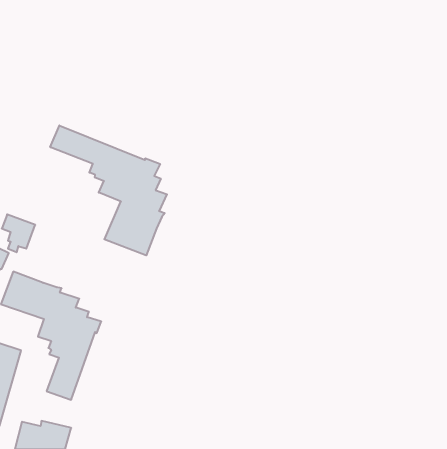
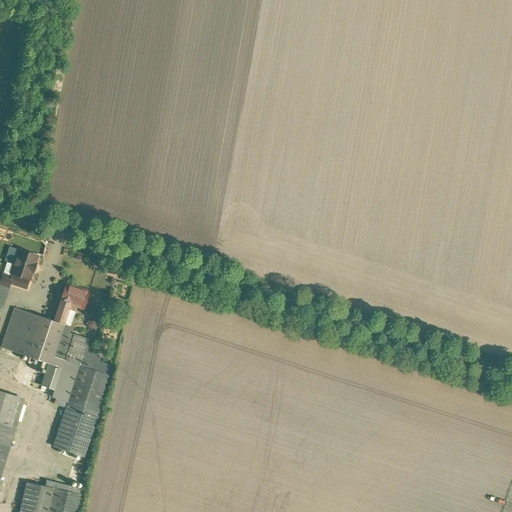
building: [50,125,167,255] -> none
building: none -> [49,282,90,327]

